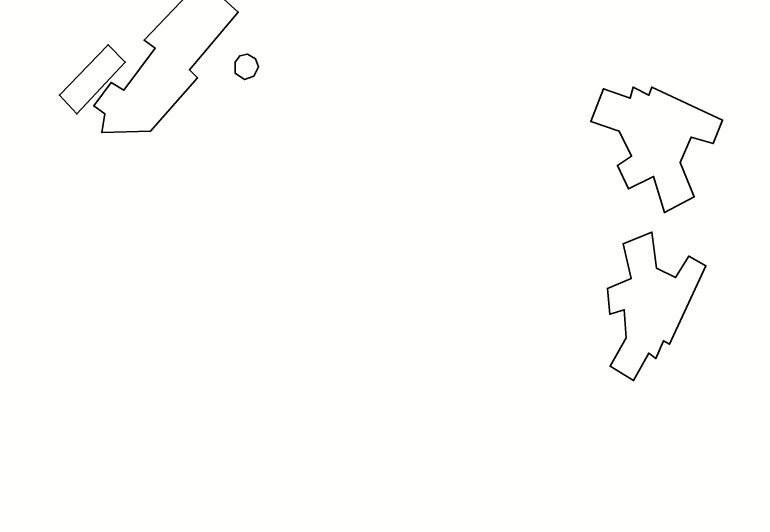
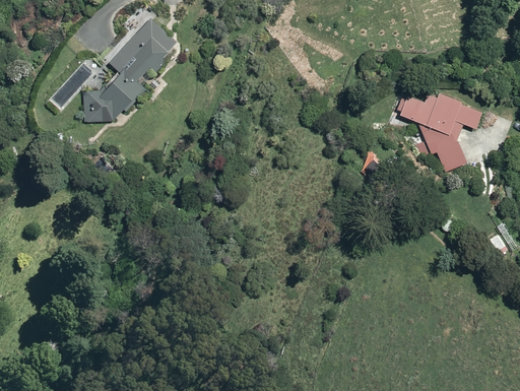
building: [608,232,706,380] -> none

